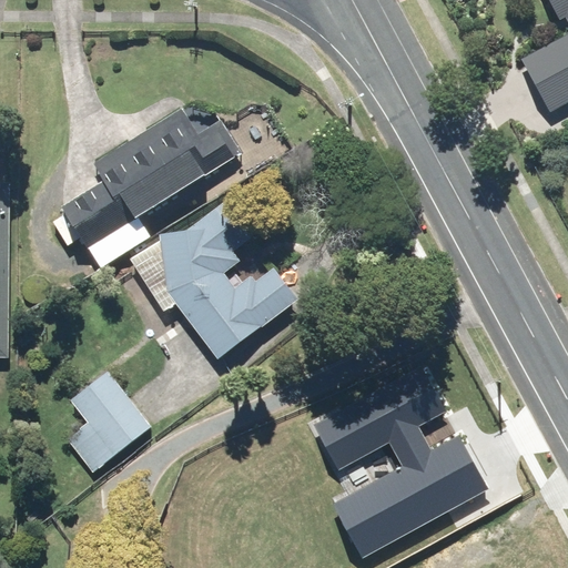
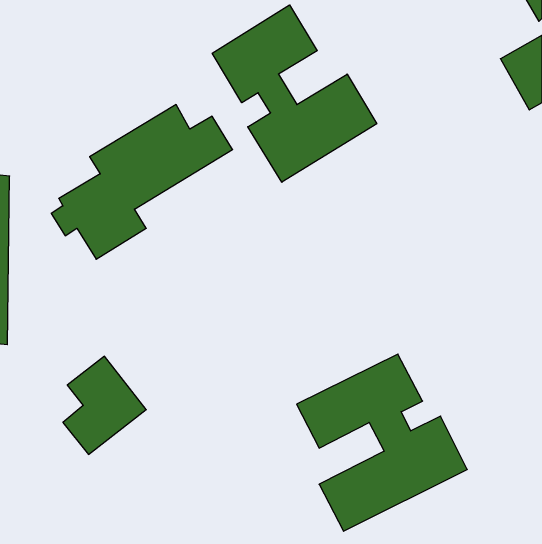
building: none -> [212,5,377,182]
building: [130,203,297,359] -> none

